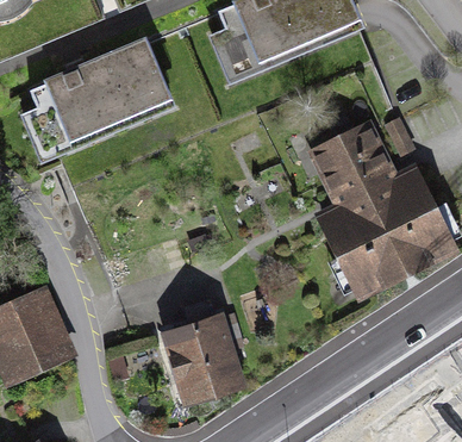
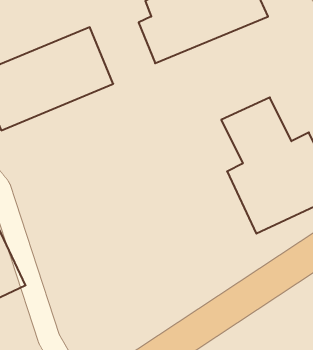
building: [162,309,239,394] -> none

